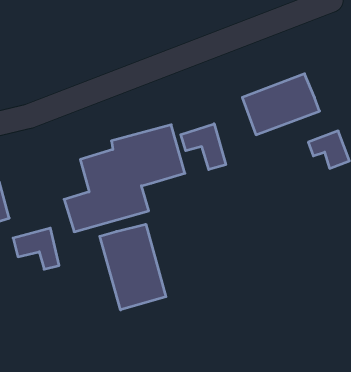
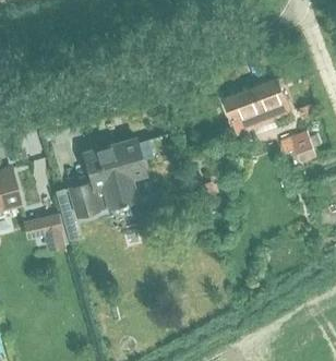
building: [181,124,226,170] -> none
building: [100,224,166,310] -> none

